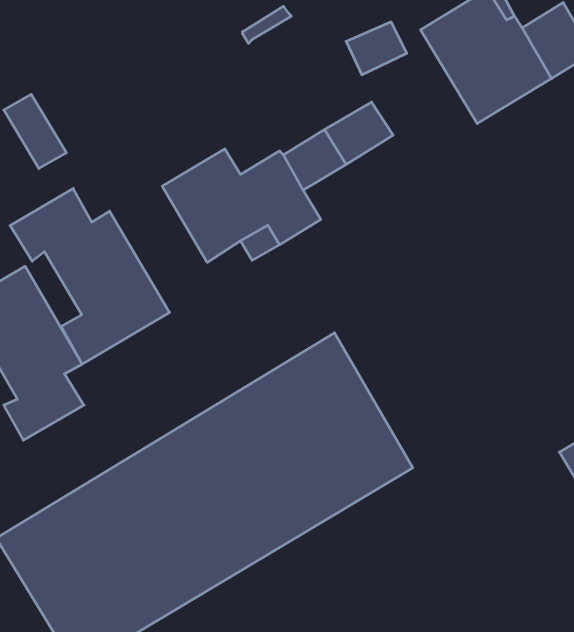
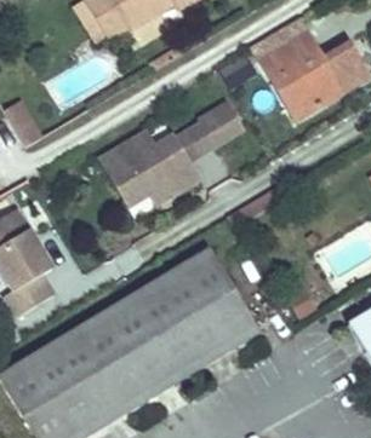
building: [10,188,170,364] -> none

